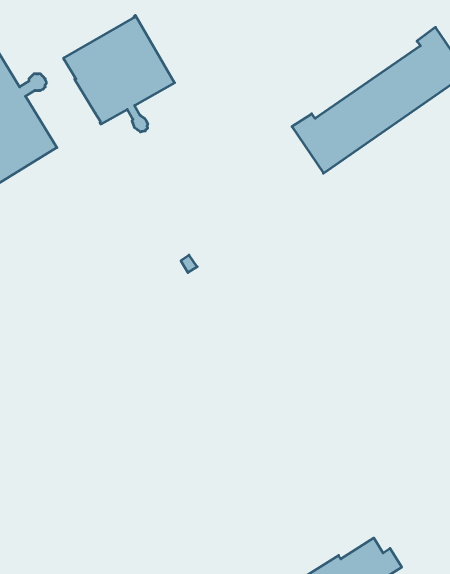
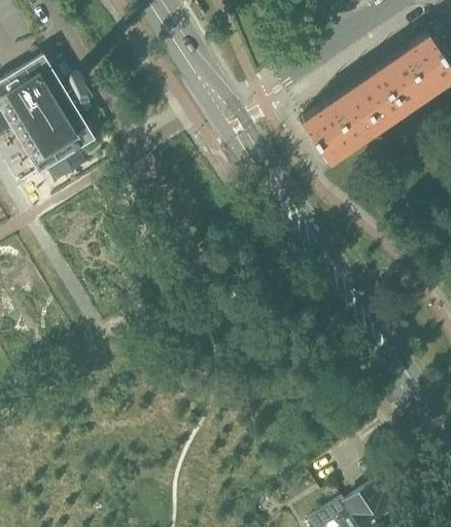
building: [64,15,175,132] -> none

